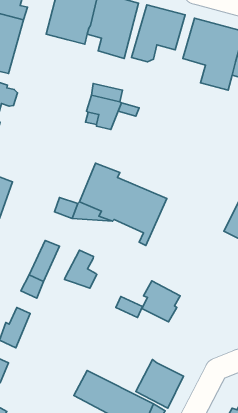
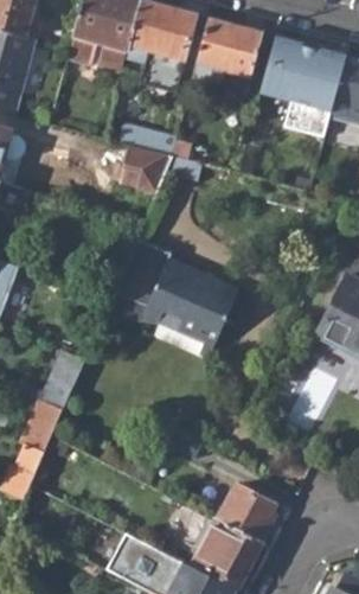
building: [65,250,97,288] -> none
building: [142,281,180,322] -> [223,484,277,542]

